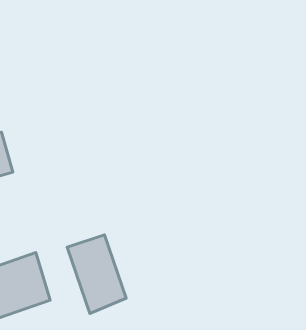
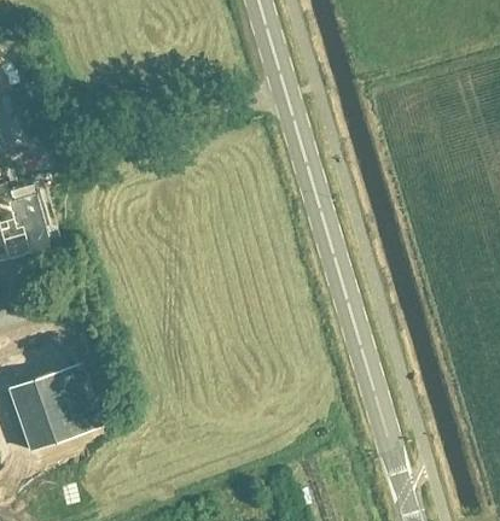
building: [67,235,126,314] -> none

